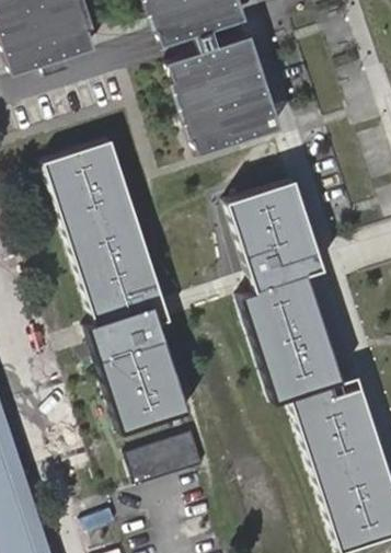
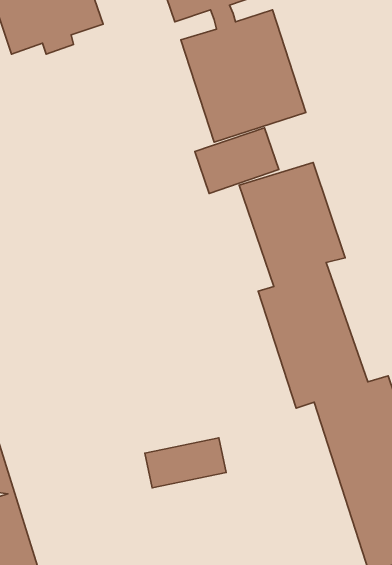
building: none -> [195,128,279,193]
building: [50,148,175,419] -> none

